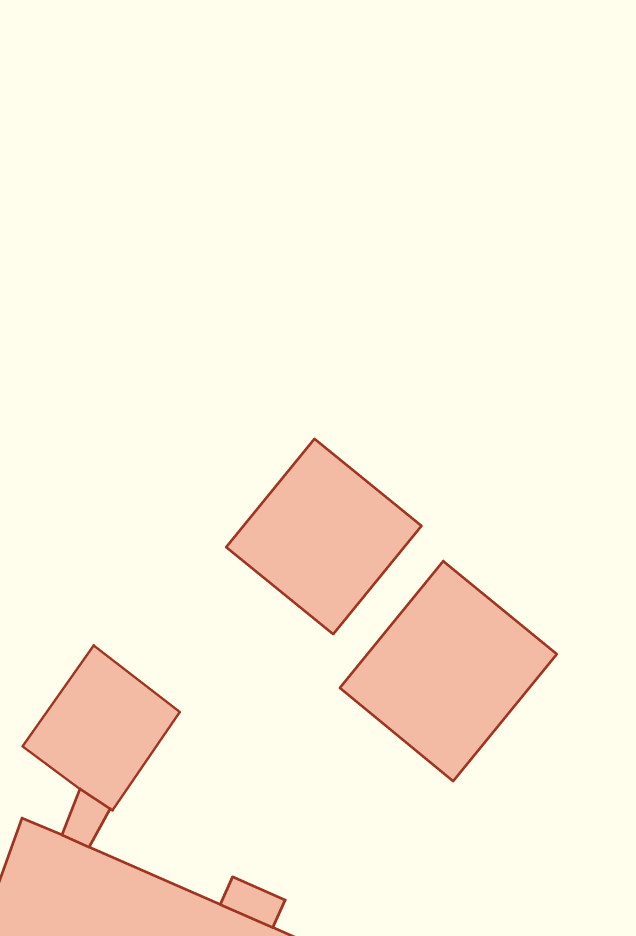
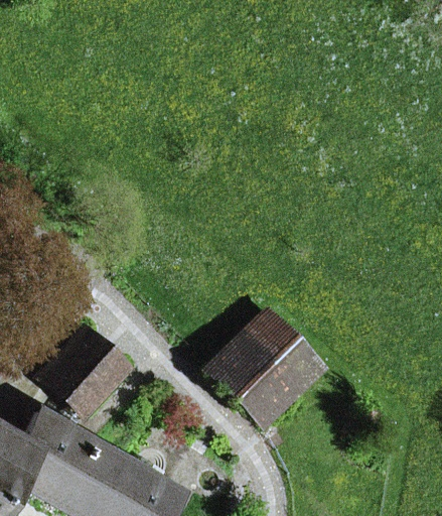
building: [226,439,421,634] -> none

